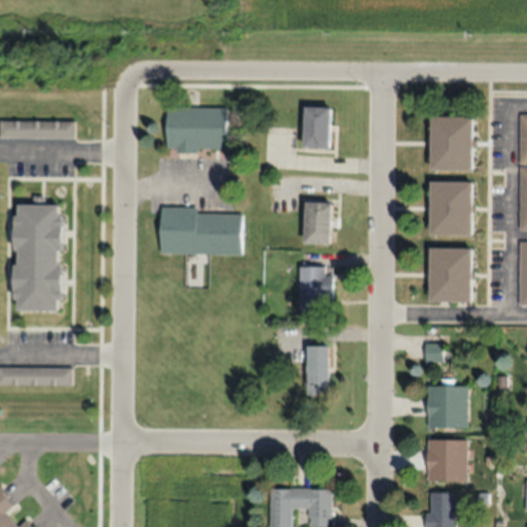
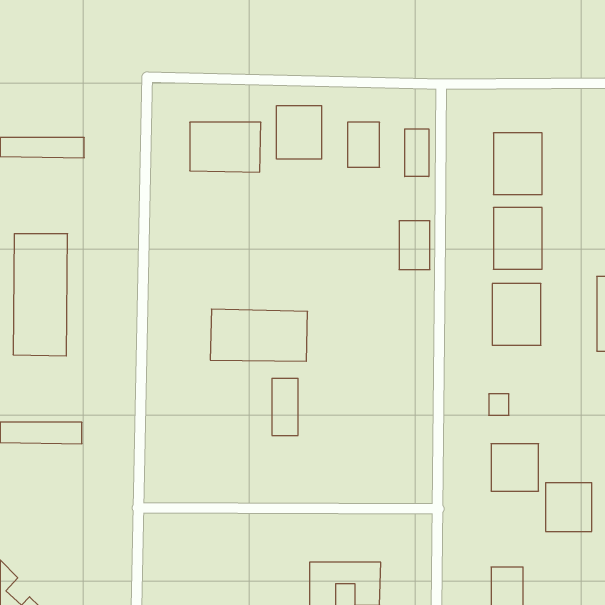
building: none -> [277,106,322,159]
building: none -> [405,129,429,177]
building: [304,202,330,244] -> [399,221,430,270]
building: [159,209,243,254] -> [210,309,308,361]
building: [300,266,333,309] -> none
building: [306,346,328,395] -> [272,378,298,435]
building: [427,440,467,482] -> [546,483,592,531]

